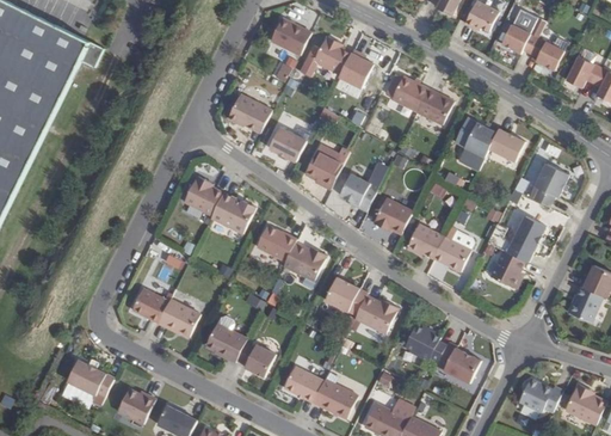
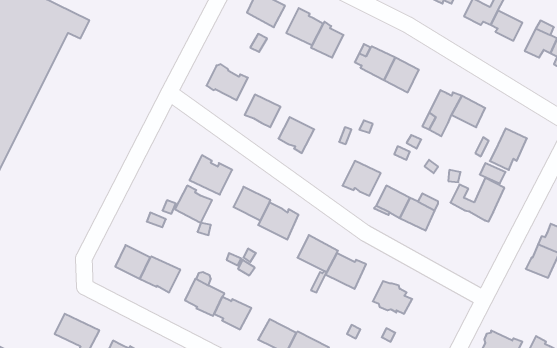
building: [339,173,376,210] -> none
building: [183,176,222,215] -> [175,186,212,223]
building: [489,250,523,287] -> none
building: [434,340,480,382] -> none

